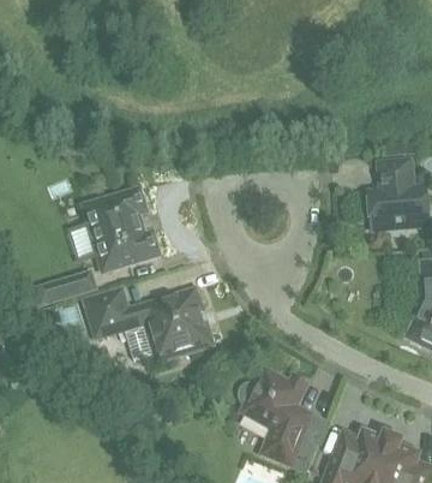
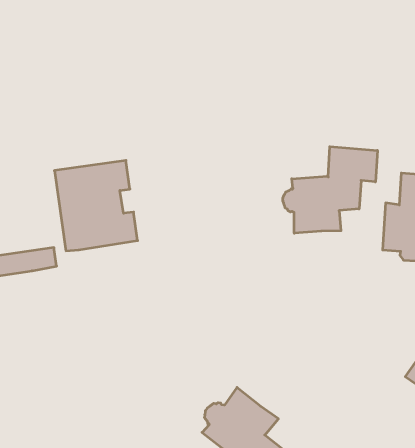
building: none -> [283,147,377,233]
building: [85,288,212,359] -> none

